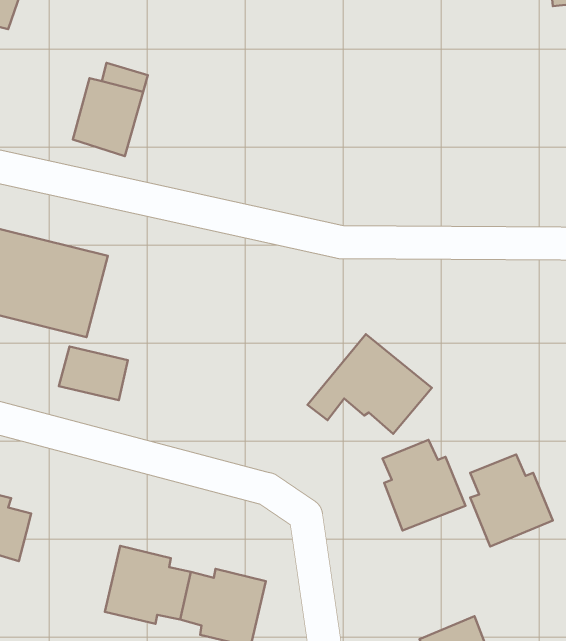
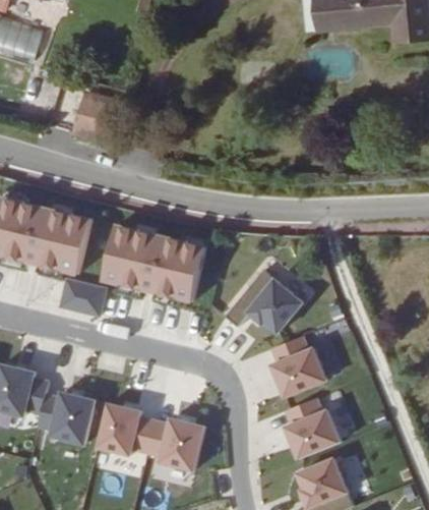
building: none -> [105,219,207,295]
building: [470,455,553,547] -> [290,396,345,457]
building: none -> [32,394,89,446]

